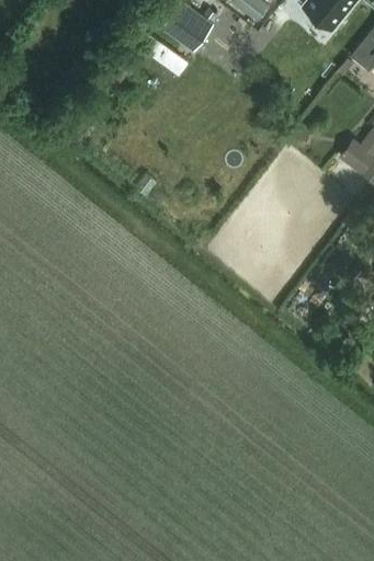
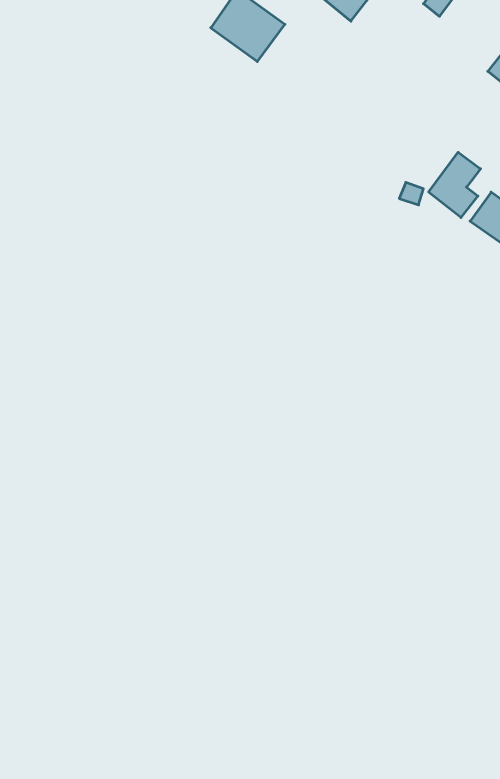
building: none -> [429,152,481,218]

